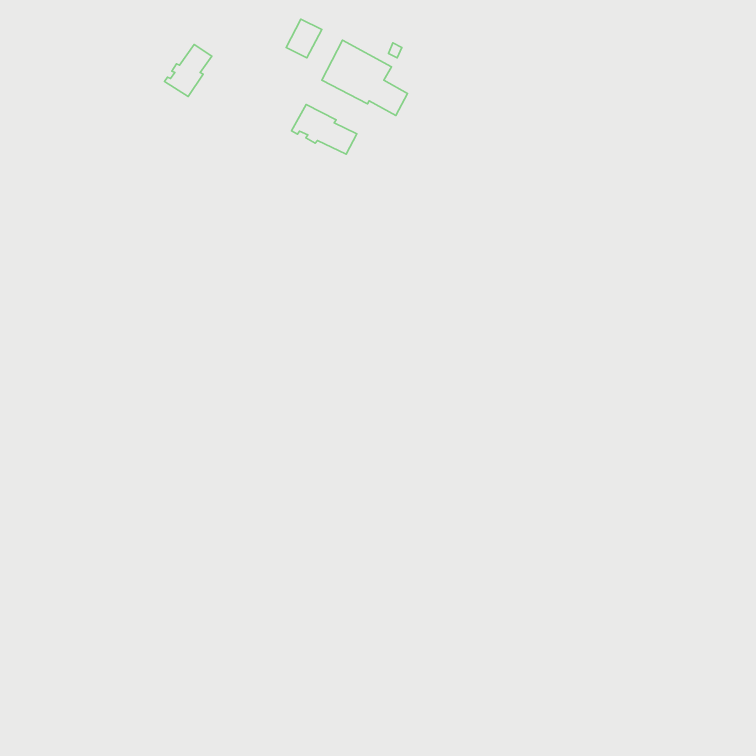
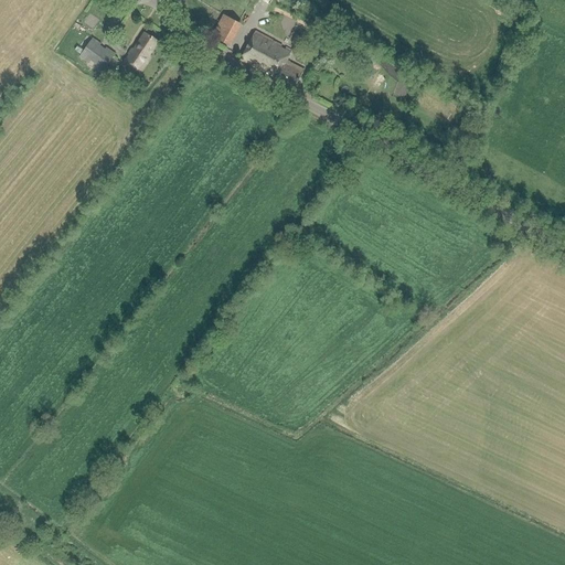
building: none -> [79,36,116,72]
building: [291,104,357,154] -> none

